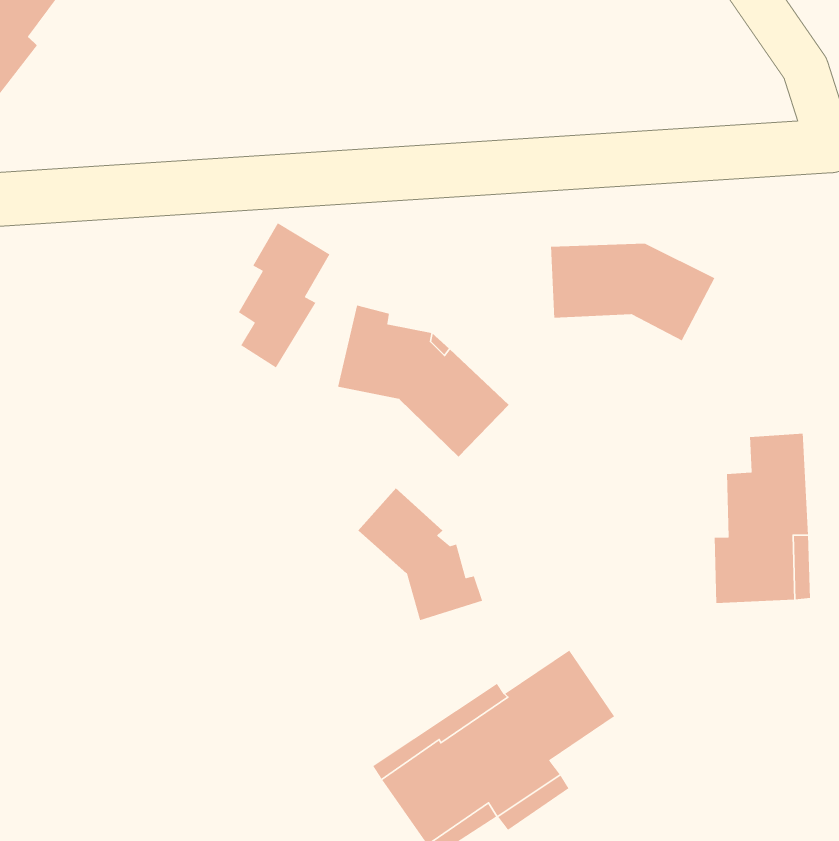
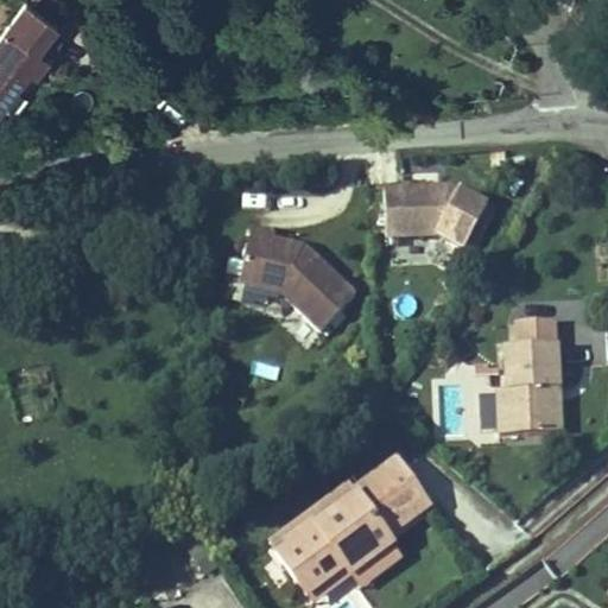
building: [238,222,330,368] -> none
building: [357,487,483,621] -> none

